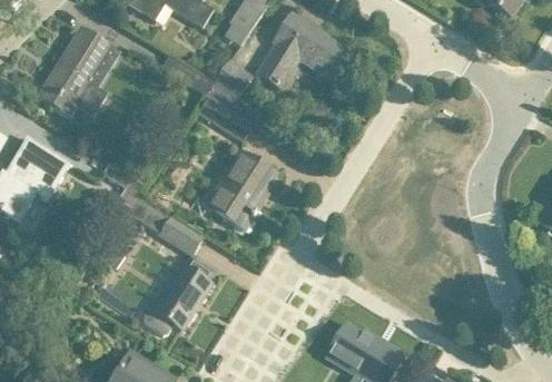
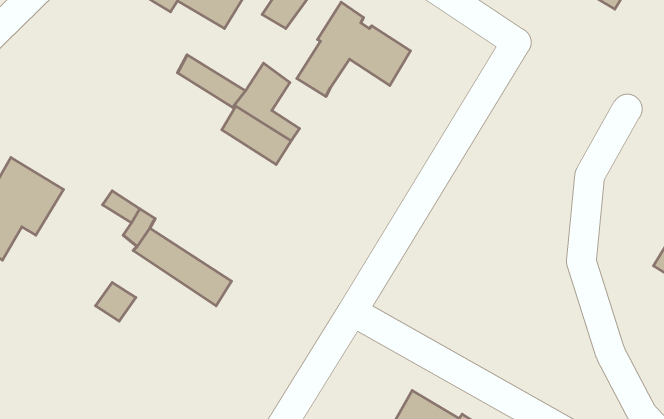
building: [37,26,109,118] -> none
building: [213,150,275,228] -> none
building: [142,257,211,333] -> none

